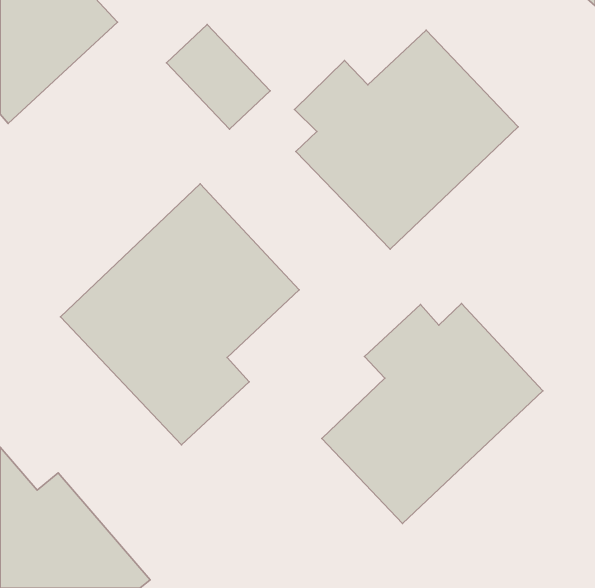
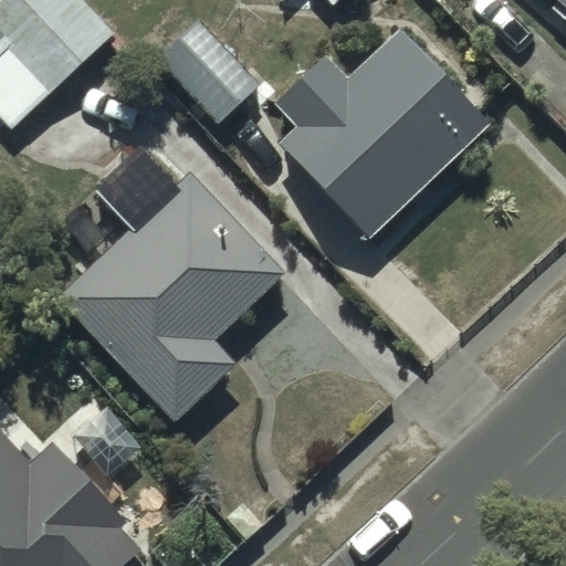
building: [322,303,543,524] -> none

